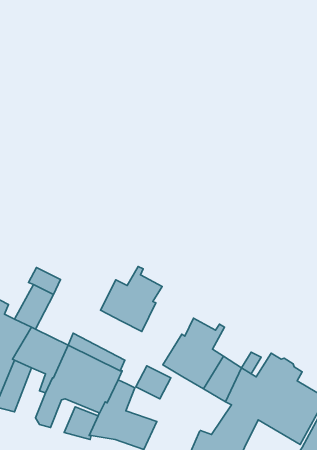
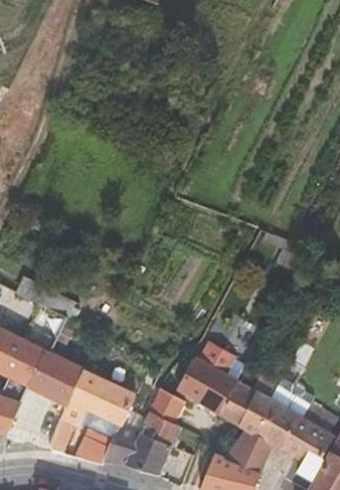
building: [101,266,162,331] -> none
building: none -> [139,412,179,447]

